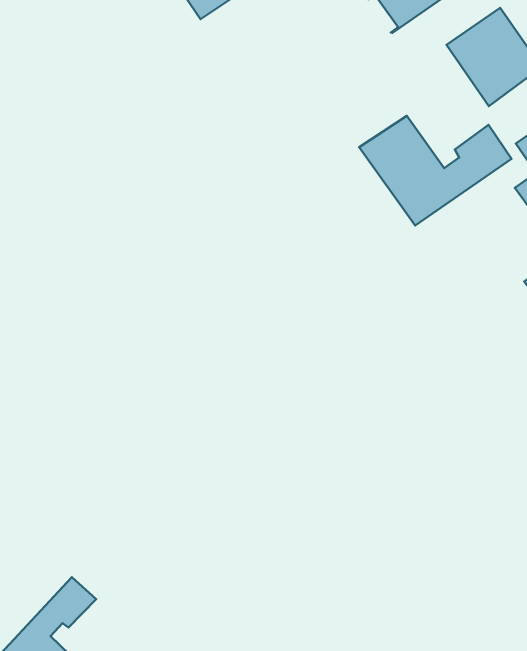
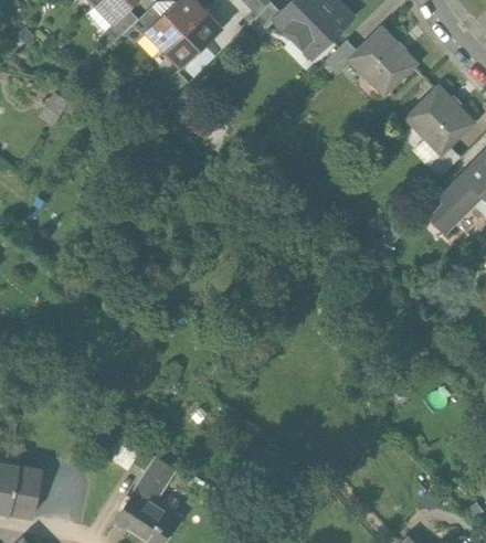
building: [359,116,512,226] -> none

